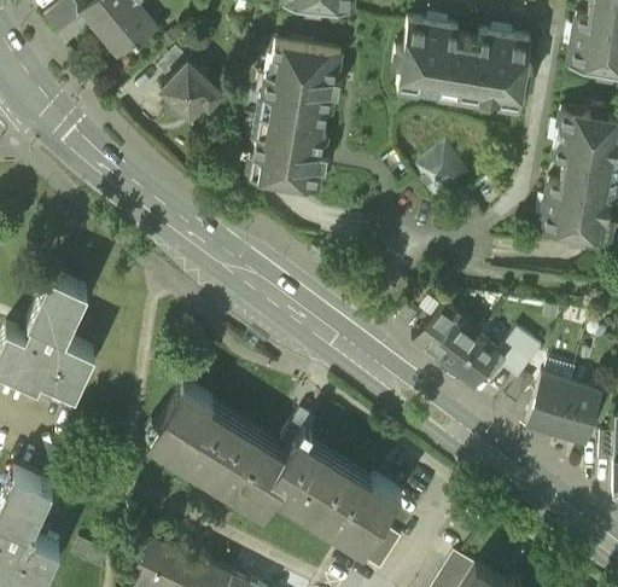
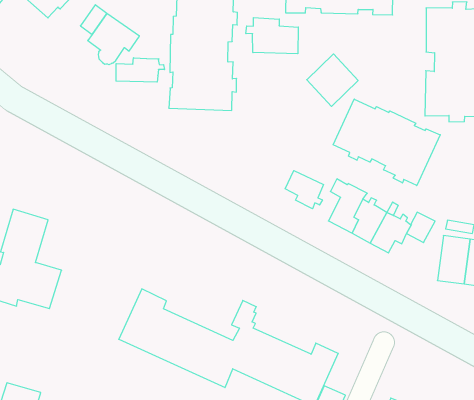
building: none -> [246,18,298,54]
building: none -> [116,58,164,82]
building: none -> [333,99,440,186]
building: none -> [285,171,323,209]

